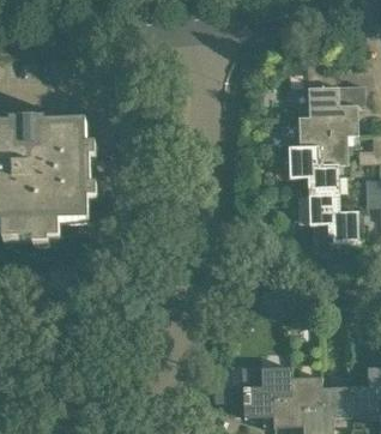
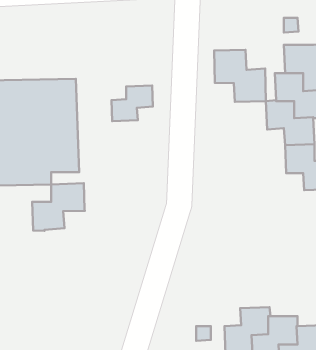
building: none -> [214,50,266,102]
building: none -> [111,85,153,121]
building: none -> [32,183,85,231]

